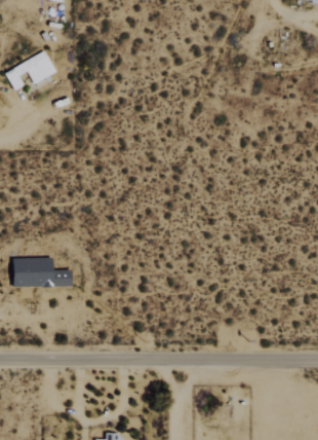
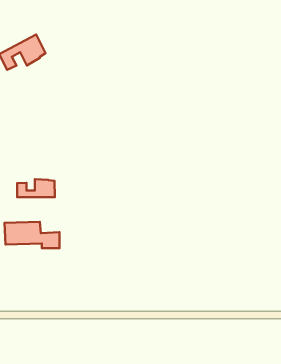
building: none -> [17,179,55,197]

